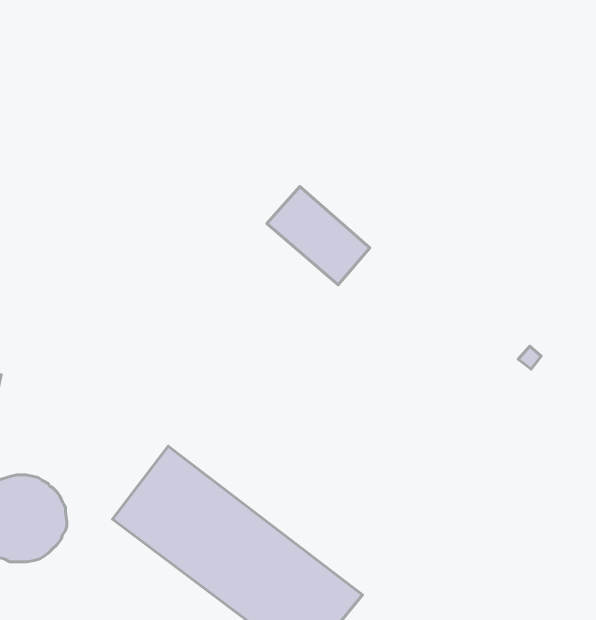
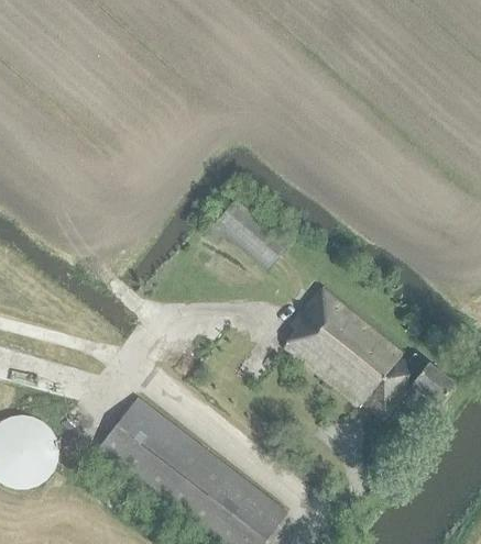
building: none -> [284,288,456,422]

